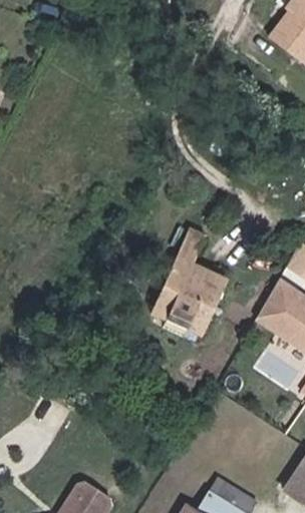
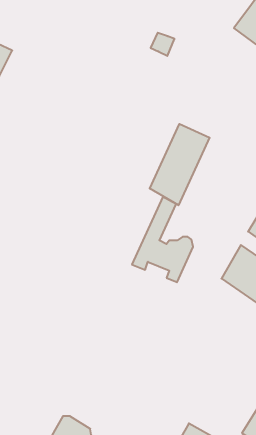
building: none -> [150,124,210,205]
building: [160,301,213,334] -> none

